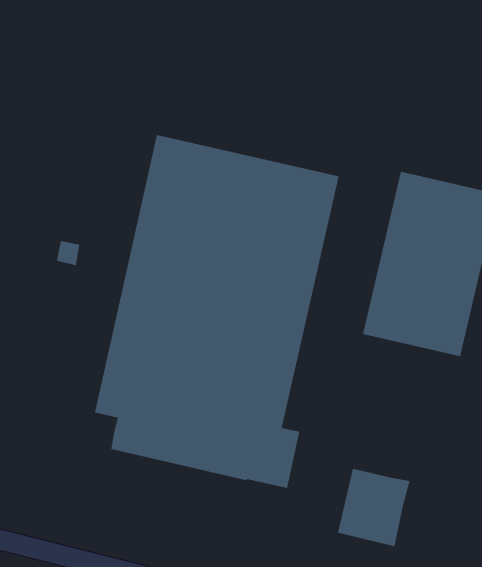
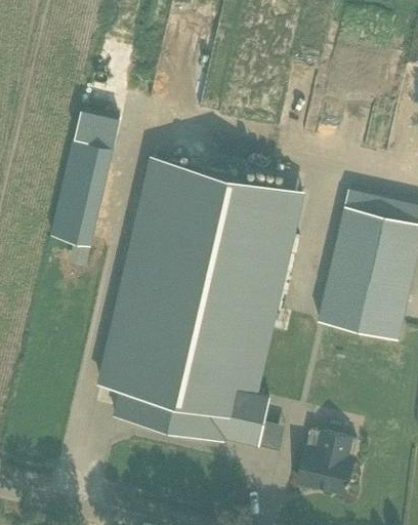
building: none -> [51,118,120,244]

